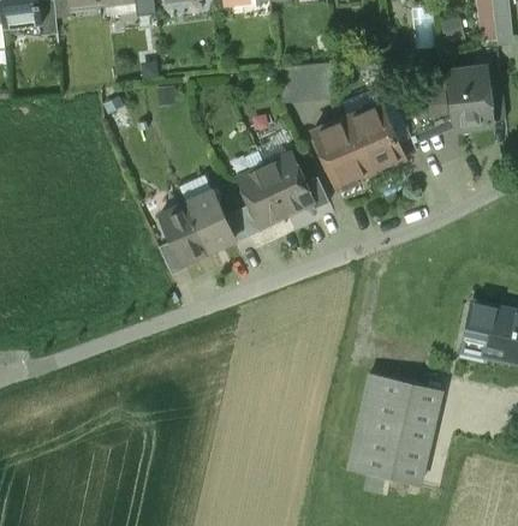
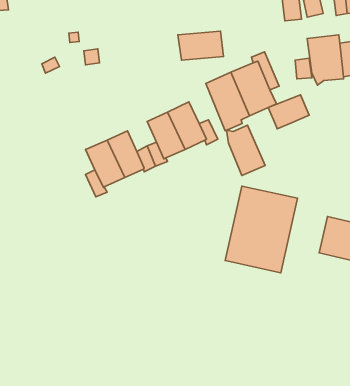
building: none -> [268,95,309,129]
building: none -> [227,125,265,175]
building: [347,372,441,484] -> [225,186,298,273]

